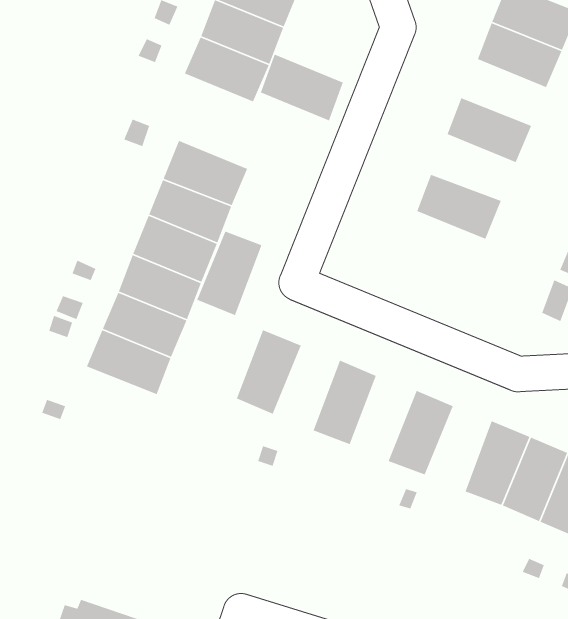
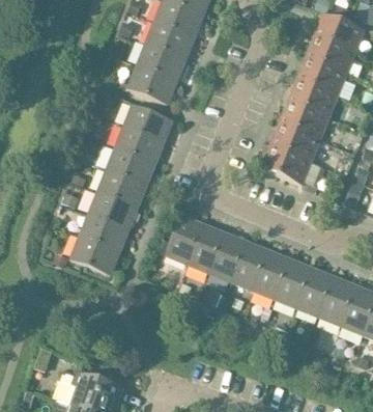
building: [260,53,344,121] -> [127,65,176,105]
building: none -> [296,57,346,95]
building: none -> [279,101,328,139]
building: none -> [261,145,311,185]
building: [196,231,262,316] -> [188,223,226,273]
building: none -> [69,236,120,275]
building: none -> [232,241,270,291]
building: none -> [276,258,314,308]

